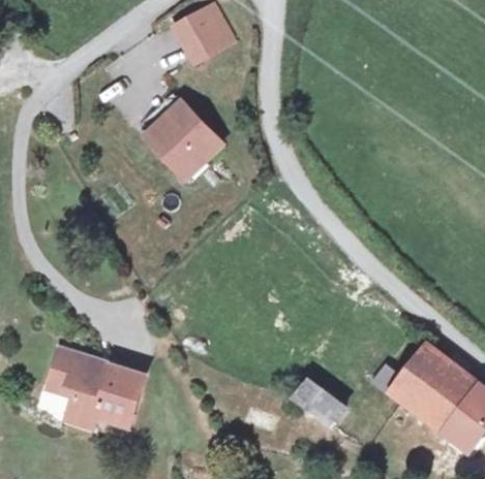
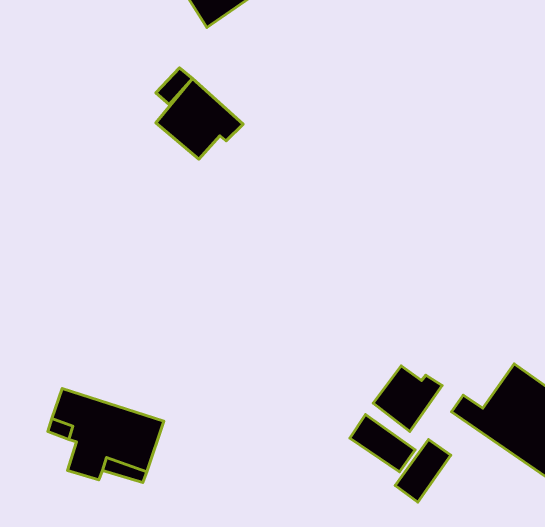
building: none -> [373,366,442,431]
building: none -> [395,440,451,502]

